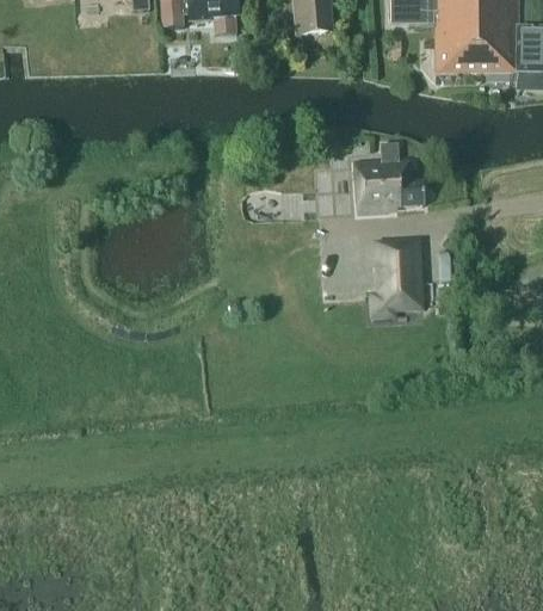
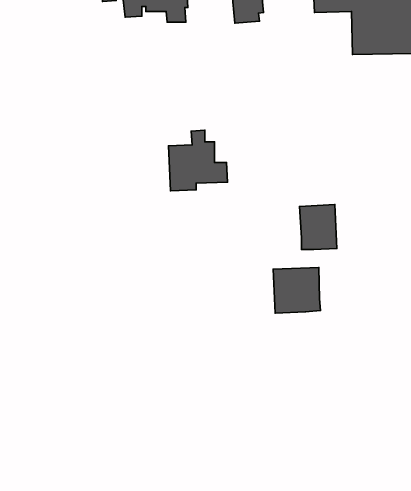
building: [353,141,425,215] -> [169,130,227,191]
building: none -> [273,268,321,313]

